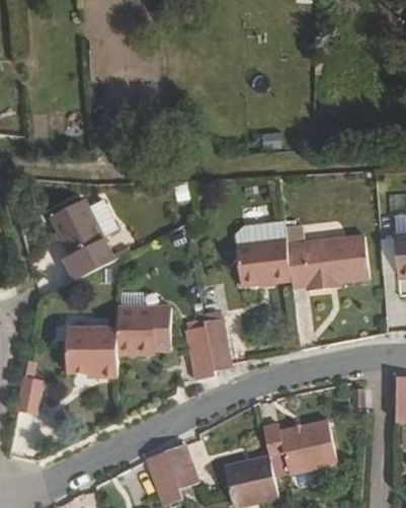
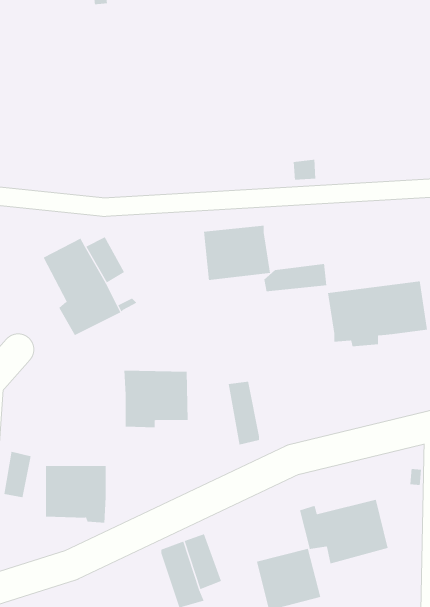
building: [234,239,290,285] -> [203,225,271,280]
building: [184,326,214,380] -> none
building: [67,330,117,377] -> [45,465,106,523]

